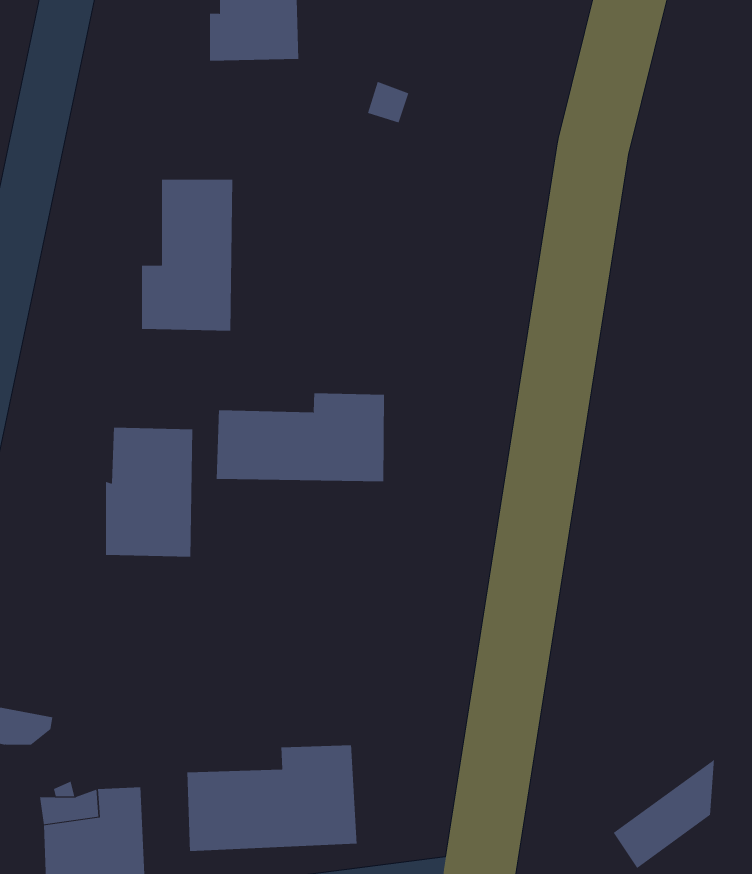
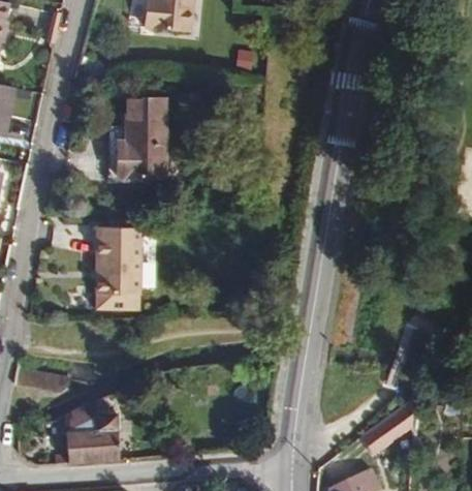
building: [216,392,384,482] -> none
building: [187,745,357,852] -> none

